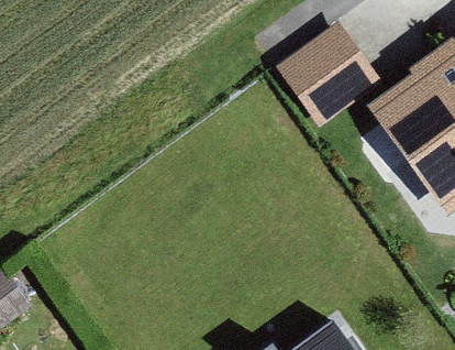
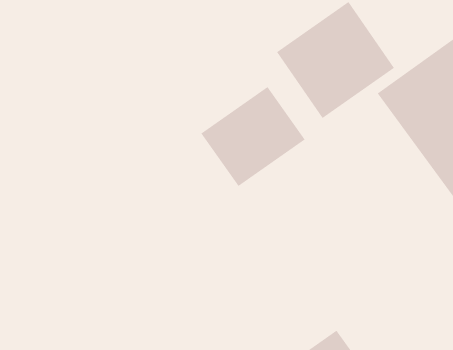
building: none -> [200,86,305,187]

